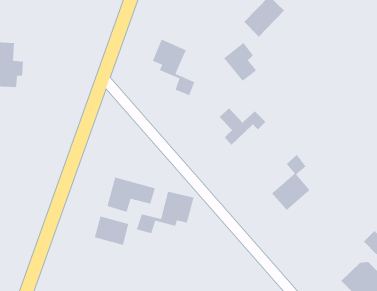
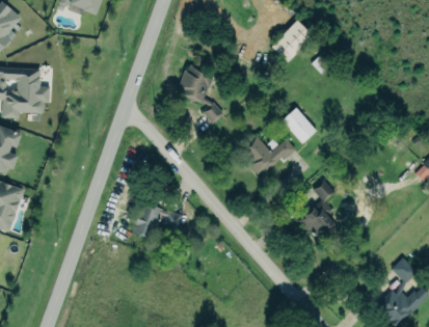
building: [223,42,257,82] -> [280,103,315,143]
building: [136,191,195,234] -> none
building: [94,215,129,246] -> none

